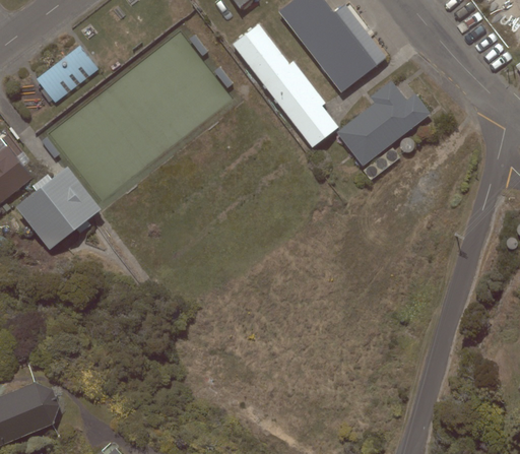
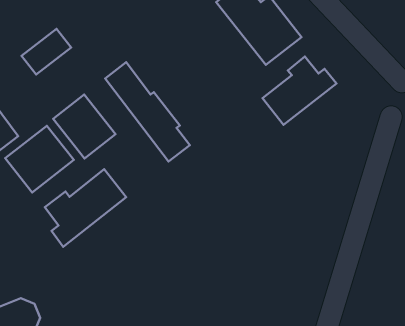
building: [232,23,337,147] -> [105,62,190,161]
building: none -> [53,94,115,159]
building: none -> [45,169,126,247]

